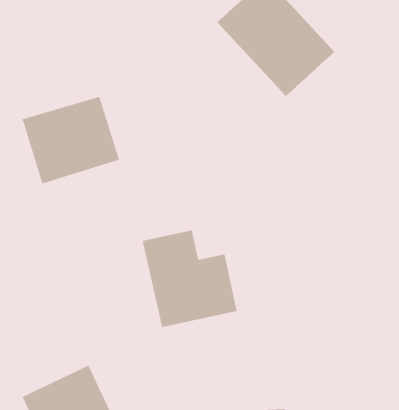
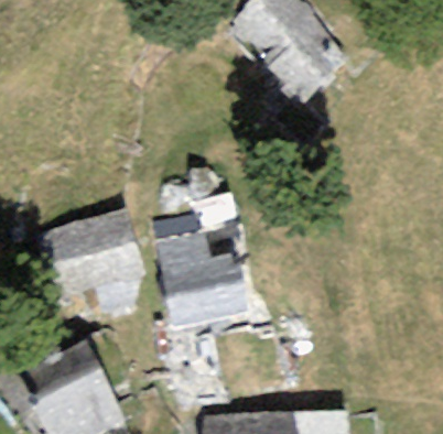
building: [22,96,120,184] -> [44,210,142,299]

